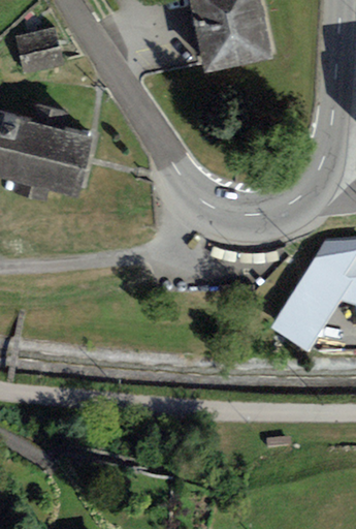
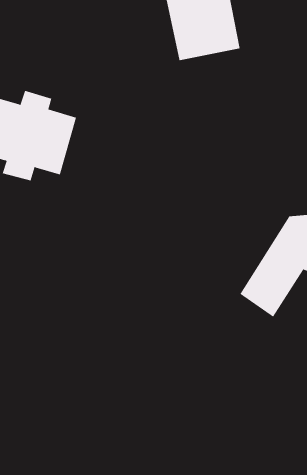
building: [15,26,62,72] -> none

